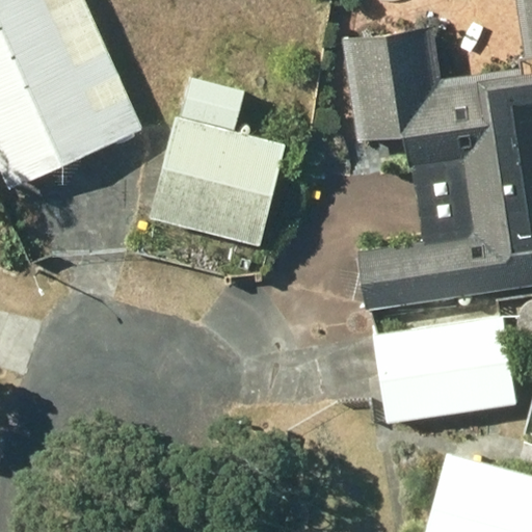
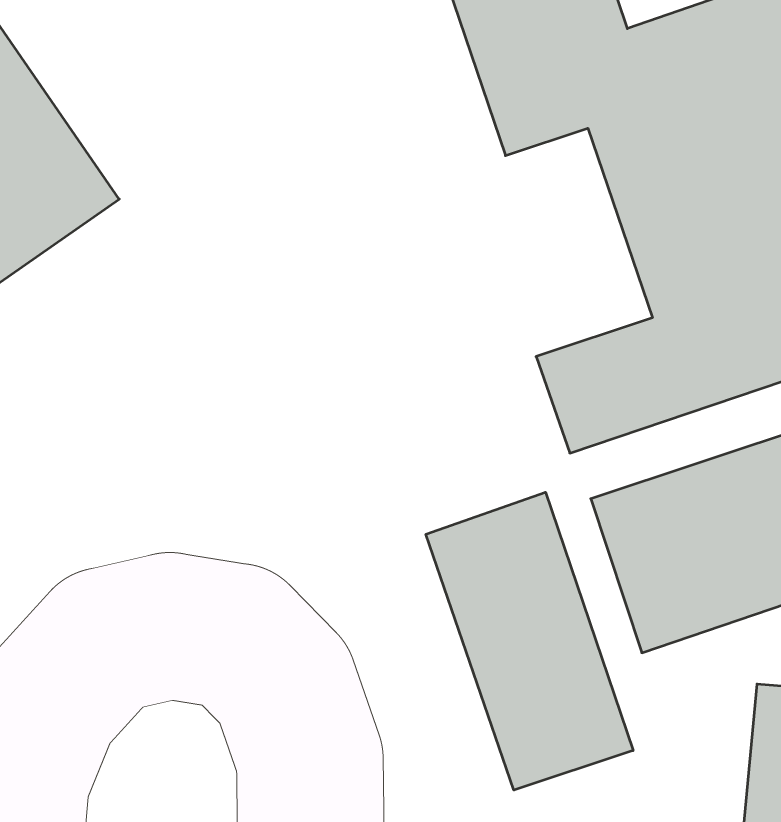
building: [149,115,285,245] -> none
building: none -> [426,492,633,790]

